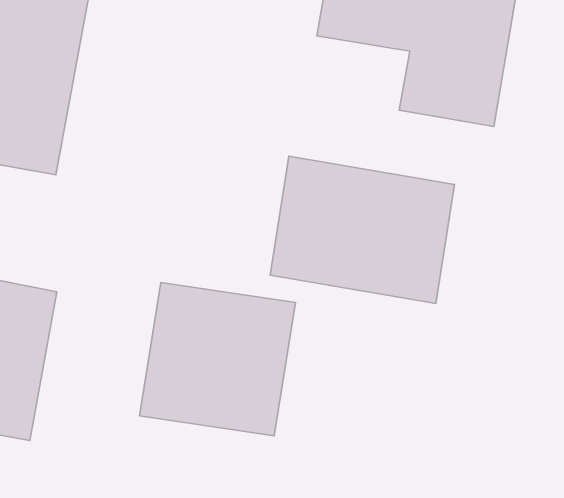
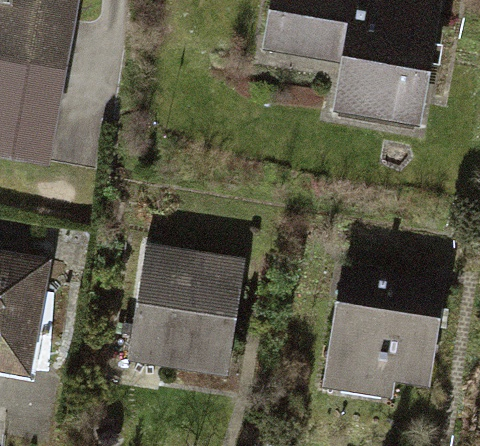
building: [270,156,454,303] -> none
building: none -> [317,266,447,406]

